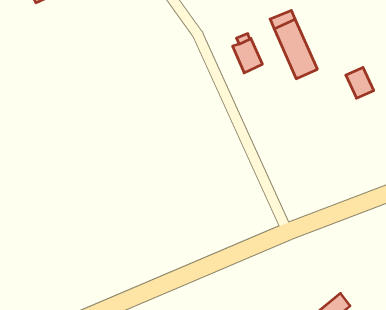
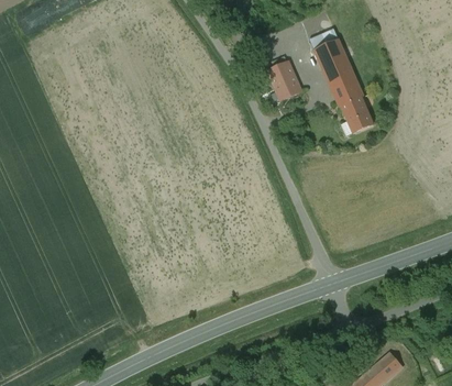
building: [346,67,374,98] -> [342,98,374,133]

